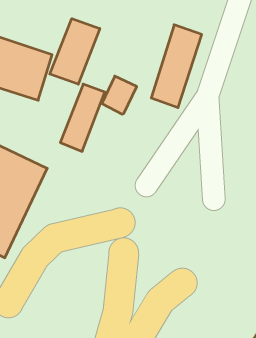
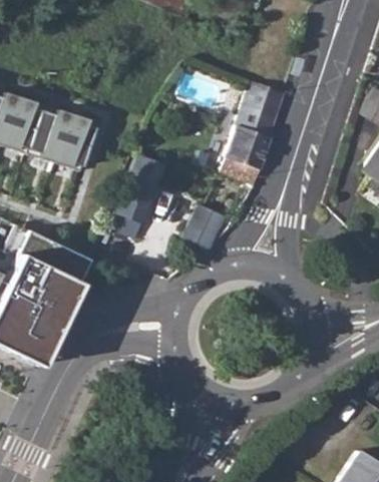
building: [50,19,100,84] -> none
building: [102,76,137,114] -> [184,202,228,250]

